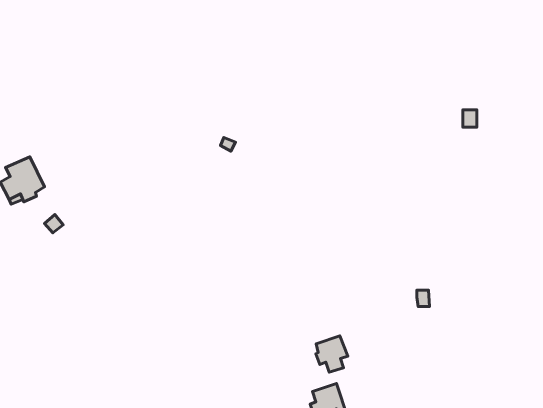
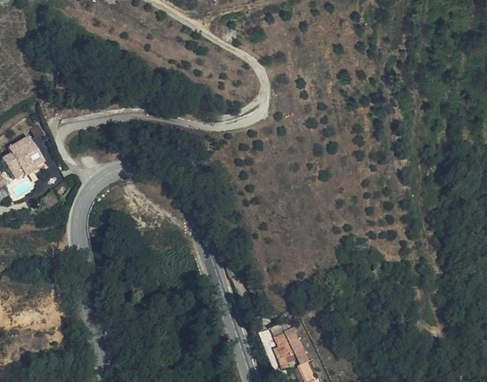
building: [316,336,348,372] -> none

